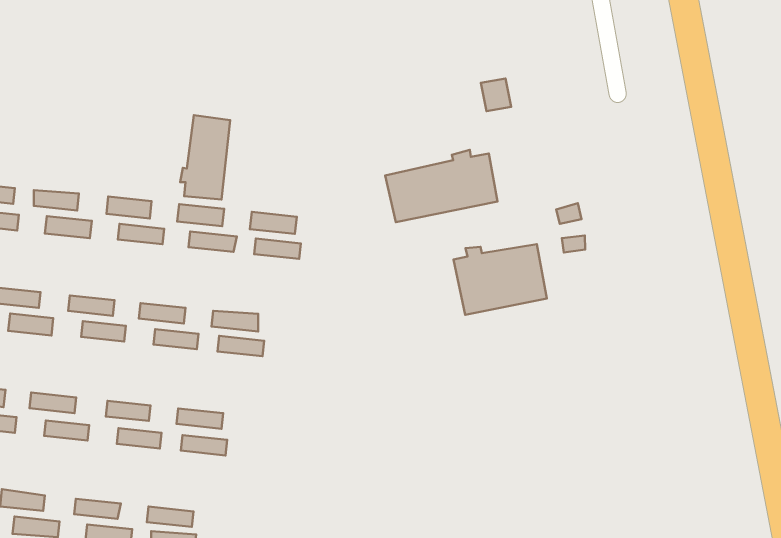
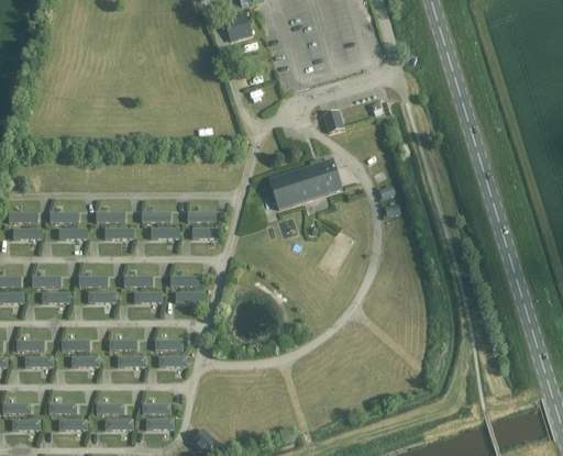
building: [180,115,230,200] -> none
building: [453,244,547,315] -> none

